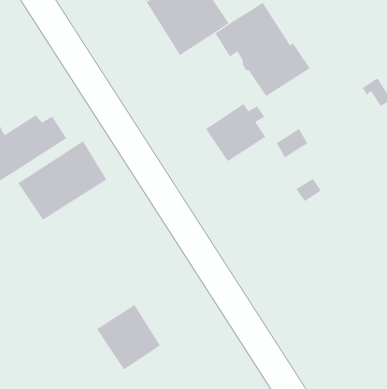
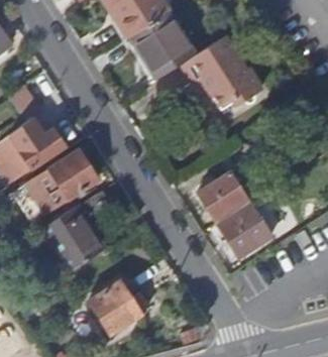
building: [205,103,266,162] -> [197,171,246,219]
building: none -> [217,202,271,257]
building: none -> [37,204,107,273]

